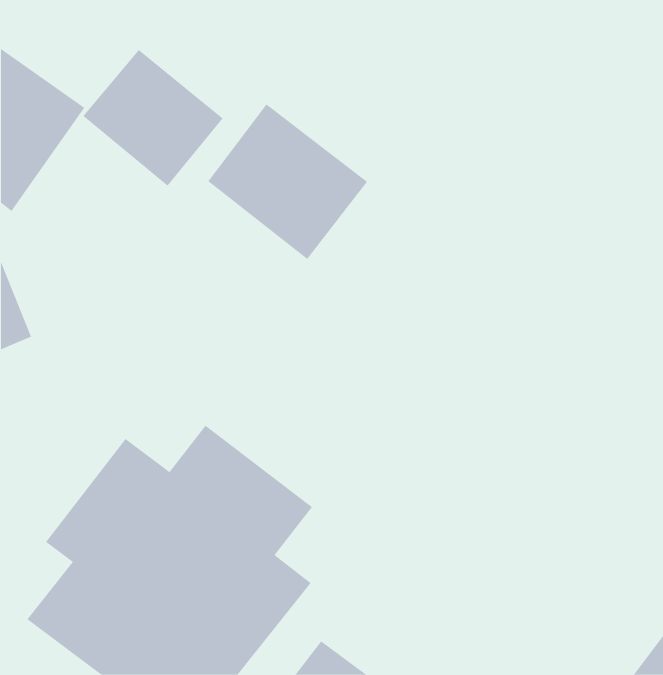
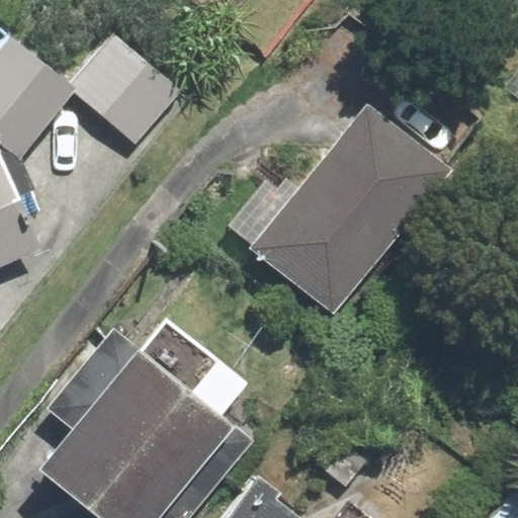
building: [207,104,368,260] -> none
building: none -> [230,114,438,314]

